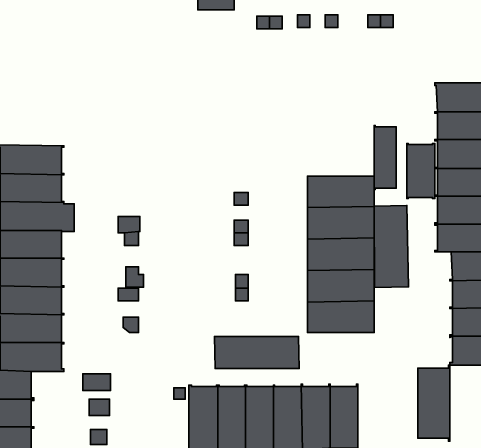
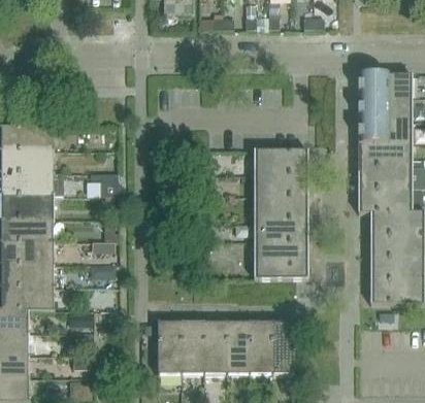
building: [374,125,396,189] -> none
building: [407,143,435,199] -> none
building: [374,205,408,288] -> none
building: [214,336,299,369] -> none
building: [418,365,450,441] -> none

